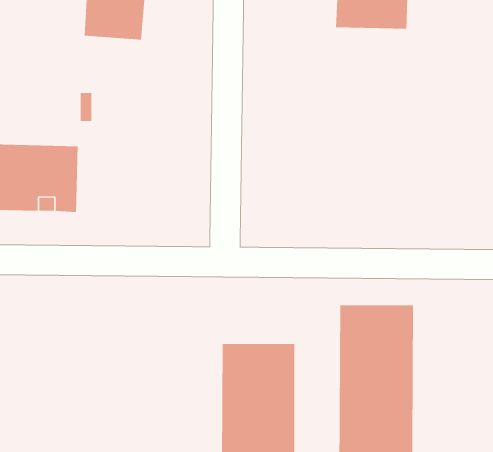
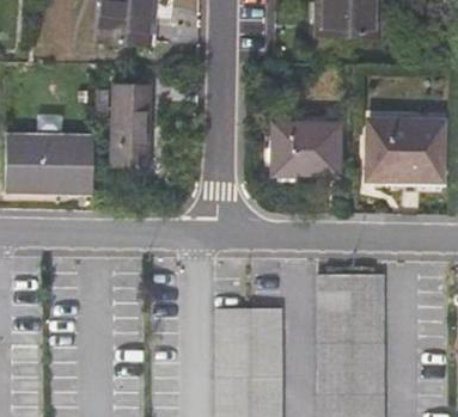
building: none -> [110,84,149,170]
building: none -> [366,119,441,179]
building: none -> [271,123,338,176]

